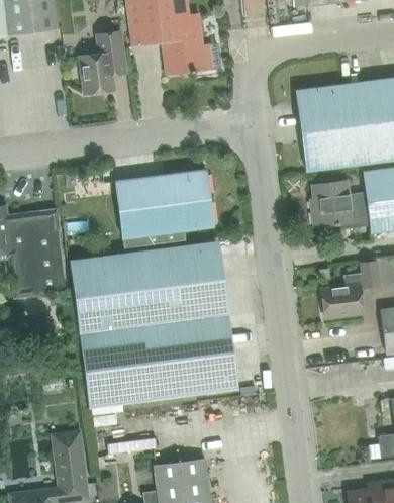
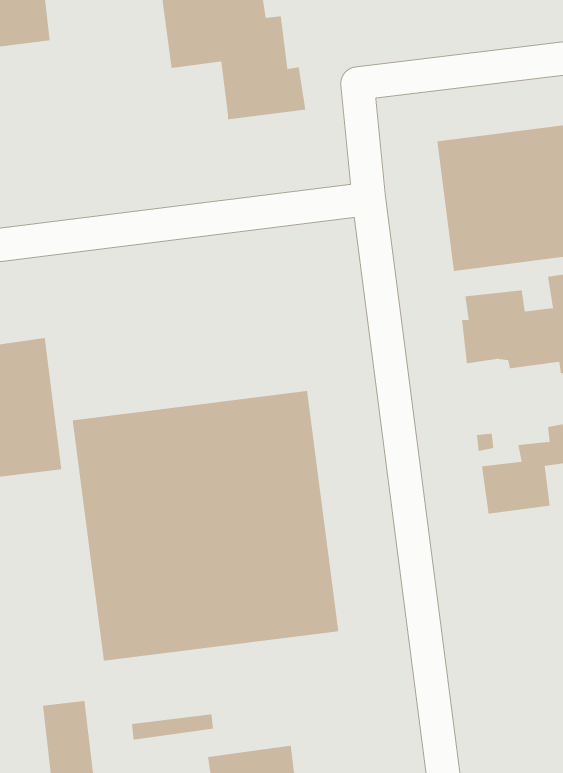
building: [80,32,126,95] -> none
building: [114,170,212,248] -> none

